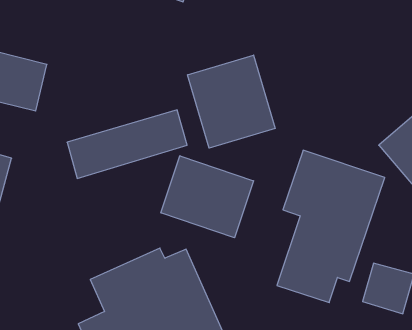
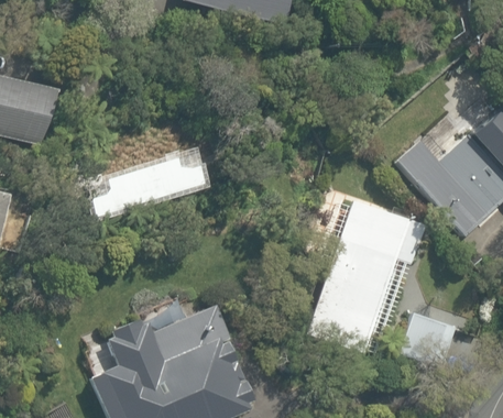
building: [188,55,275,148] -> none
building: [161,156,254,238] -> none

